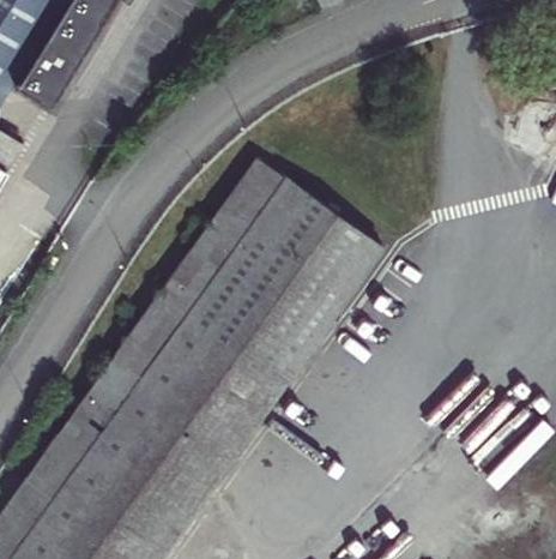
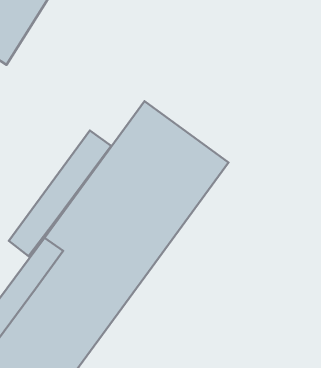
building: none -> [9,131,111,256]

